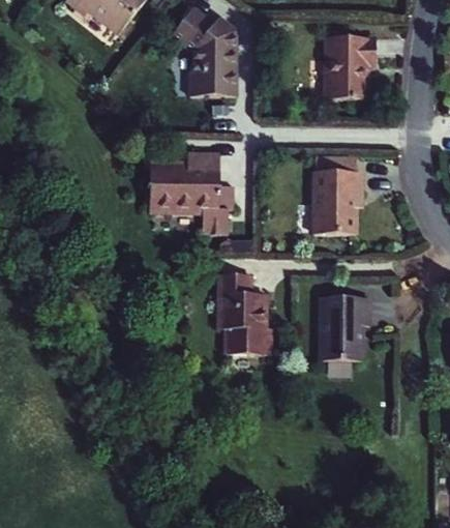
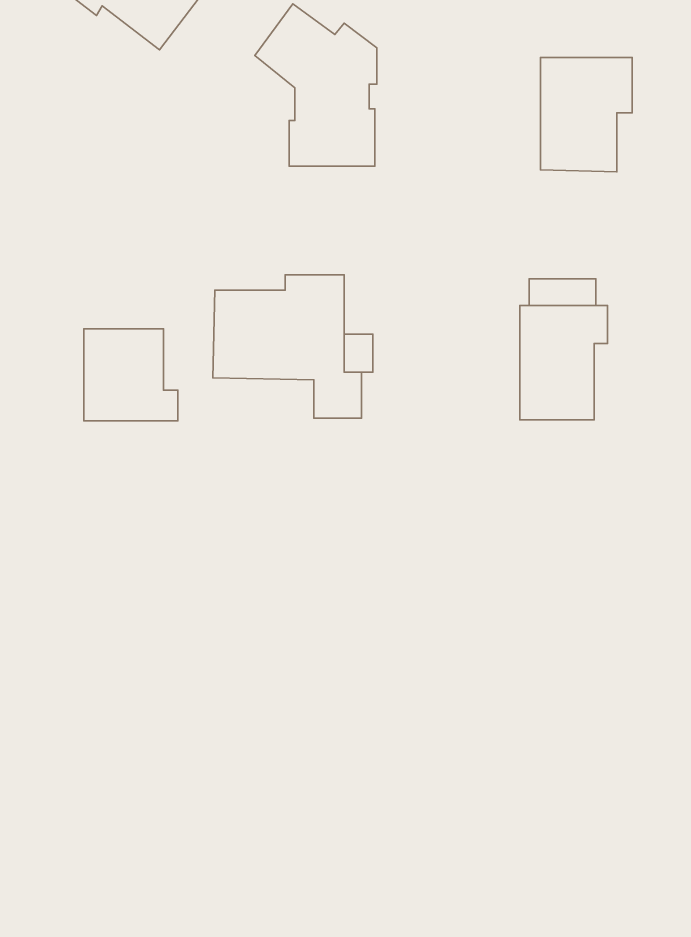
building: none -> [84,329,178,421]
building: [219,274,271,354] -> none
building: [322,296,371,361] -> none

